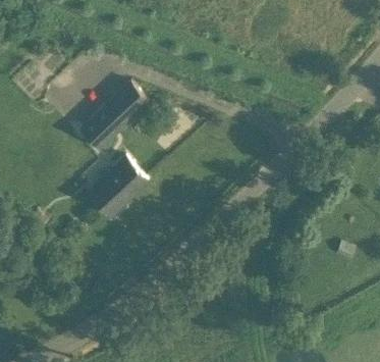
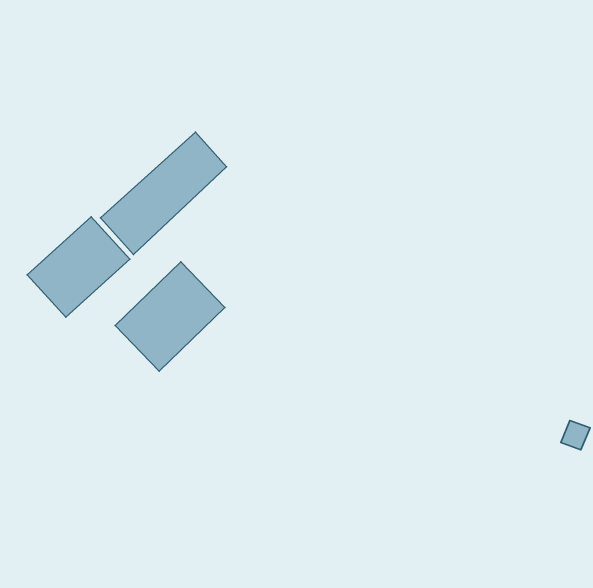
building: none -> [27,217,130,317]

